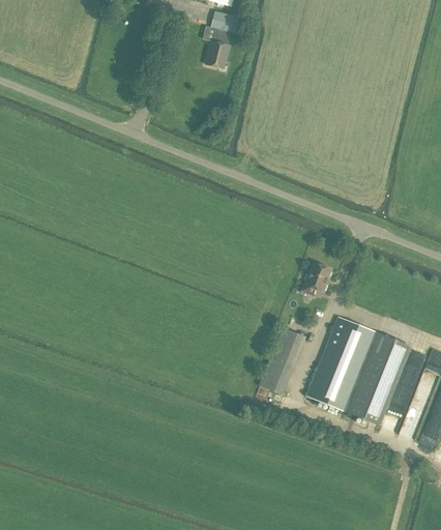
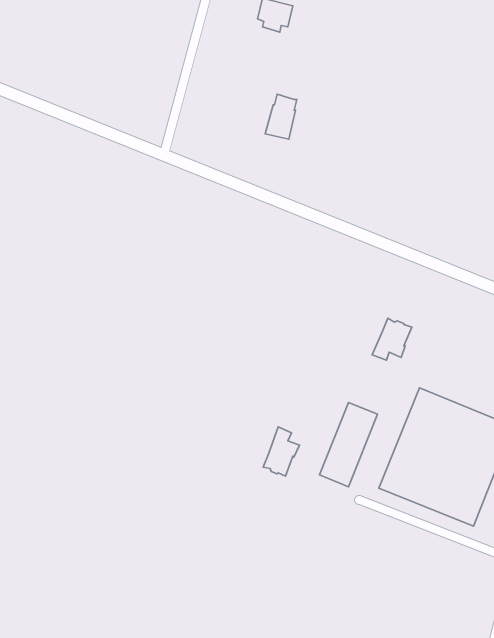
building: [204,32,229,67] -> [265,94,297,139]
building: none -> [263,427,299,476]

